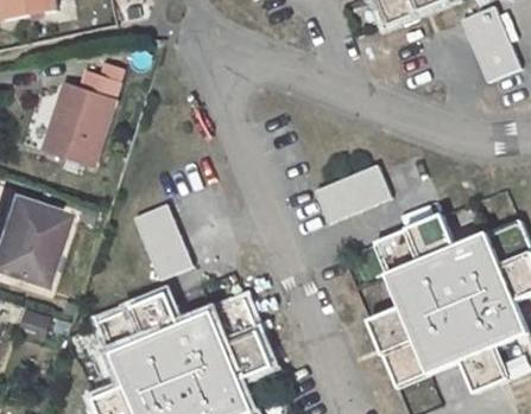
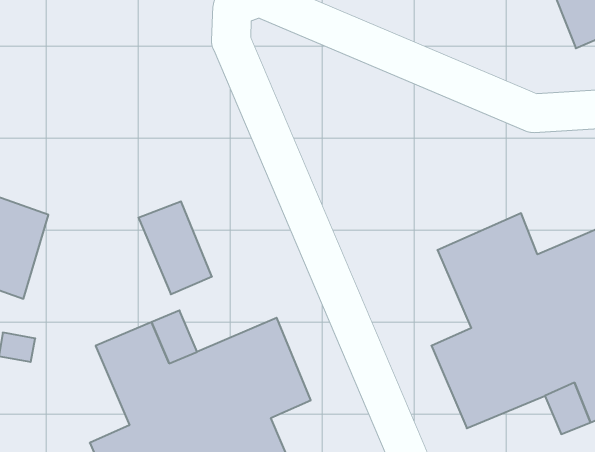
building: [43,63,122,171] -> none
building: [314,164,391,223] -> none

